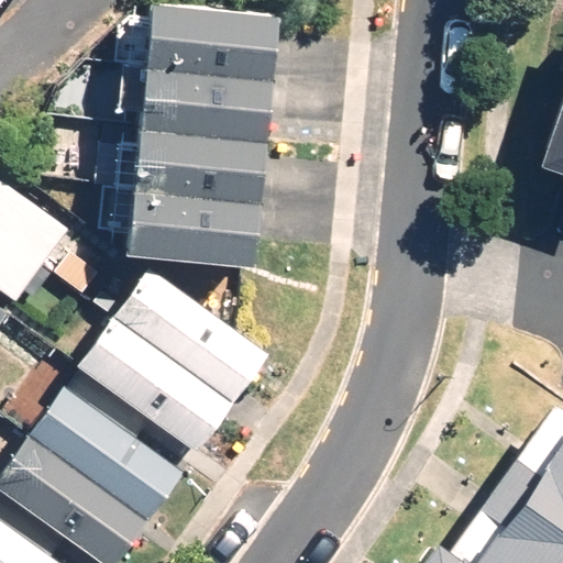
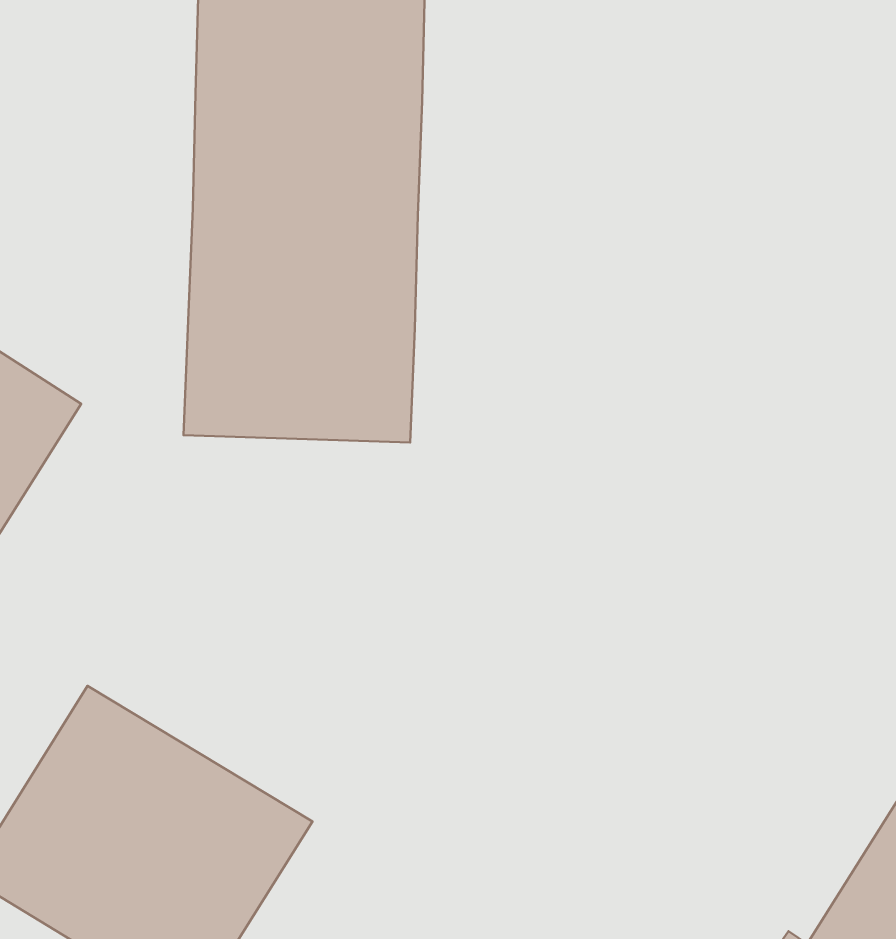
building: [78,268,269,454] -> none

